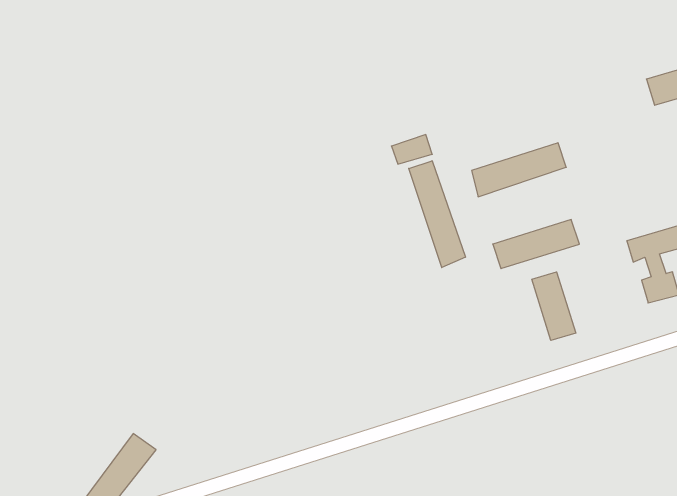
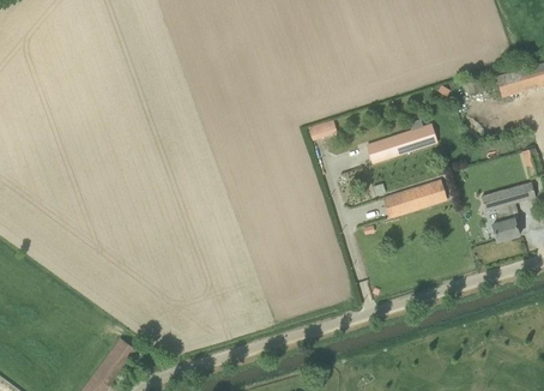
building: [409,161,465,268] -> none
building: [532,272,576,340] -> none

